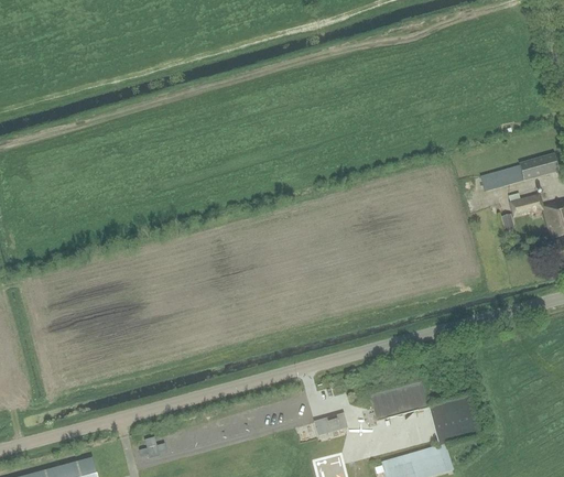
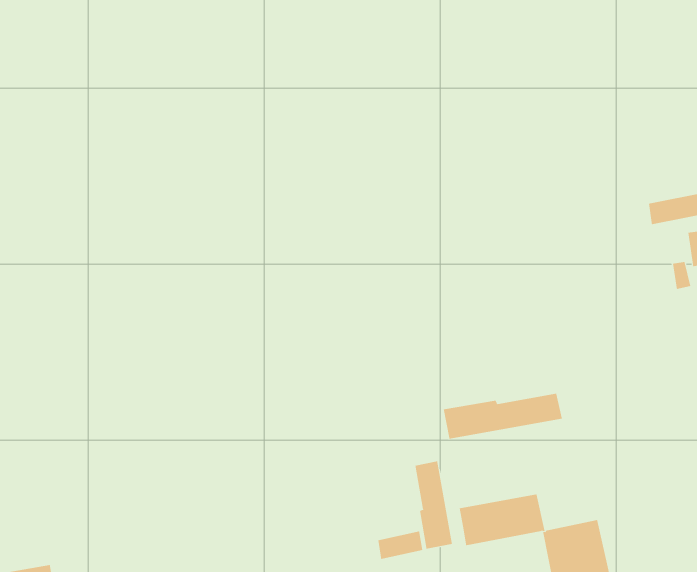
building: none -> [443,393,562,439]
building: none -> [415,460,453,550]

